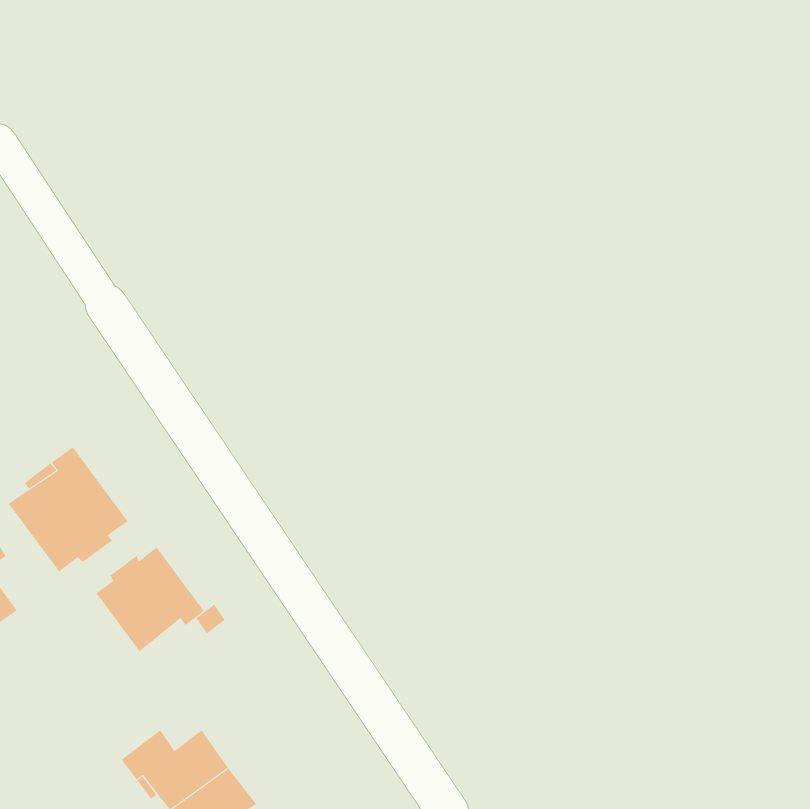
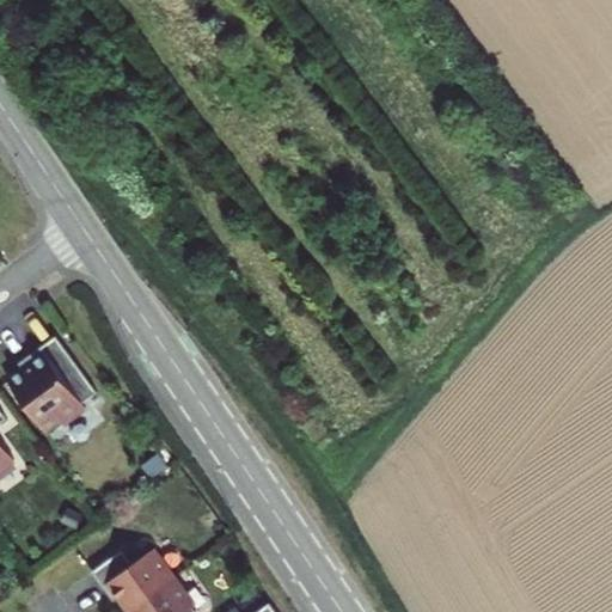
building: [95,546,205,652] -> none

